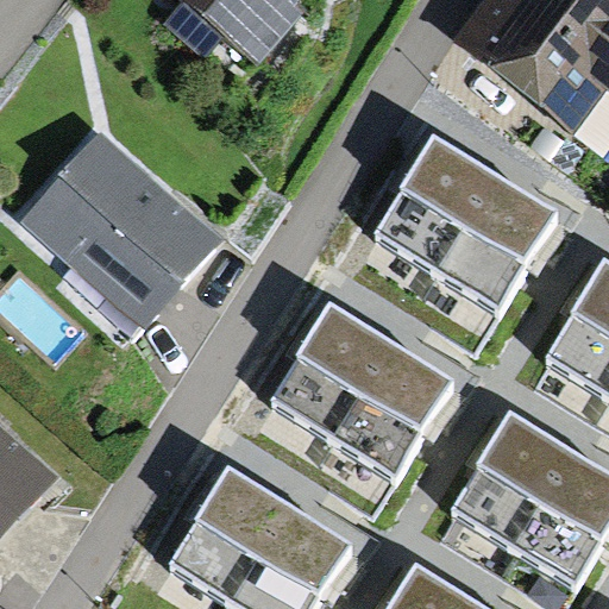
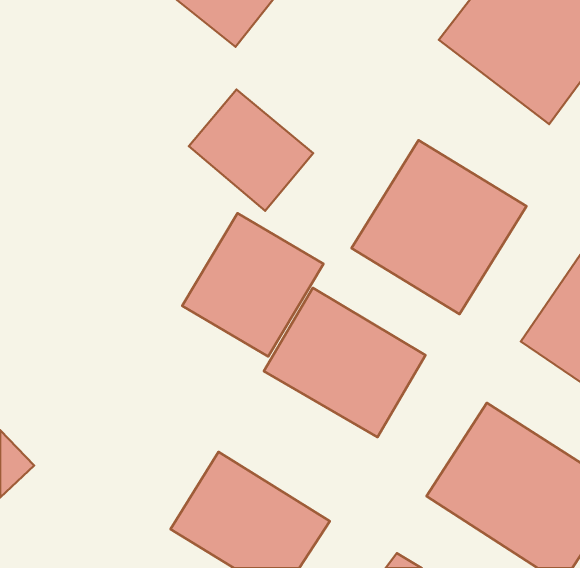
building: none -> [189,90,313,211]
building: [23,142,206,318] -> none
building: none -> [182,213,323,356]

